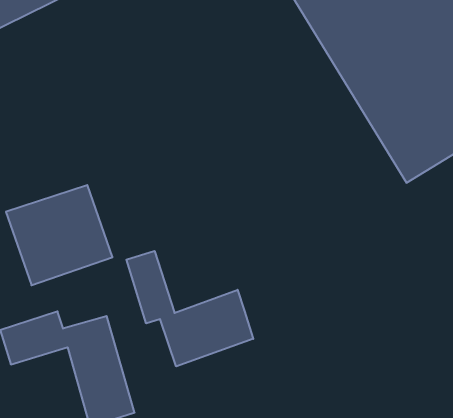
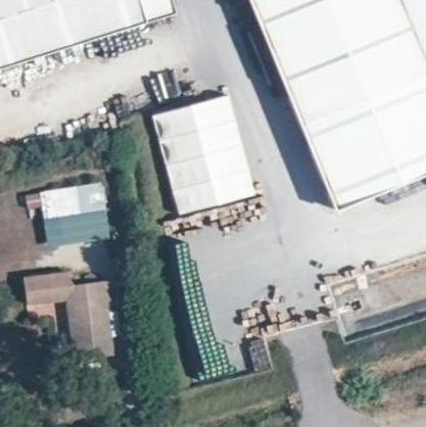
building: none -> [151,96,254,214]
building: [126,251,253,366] -> none

